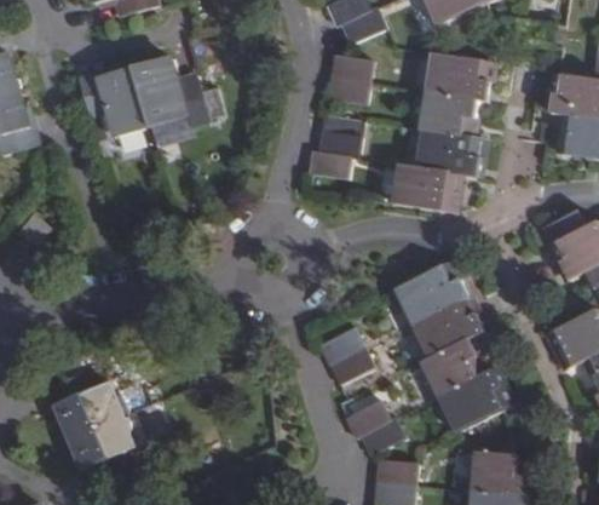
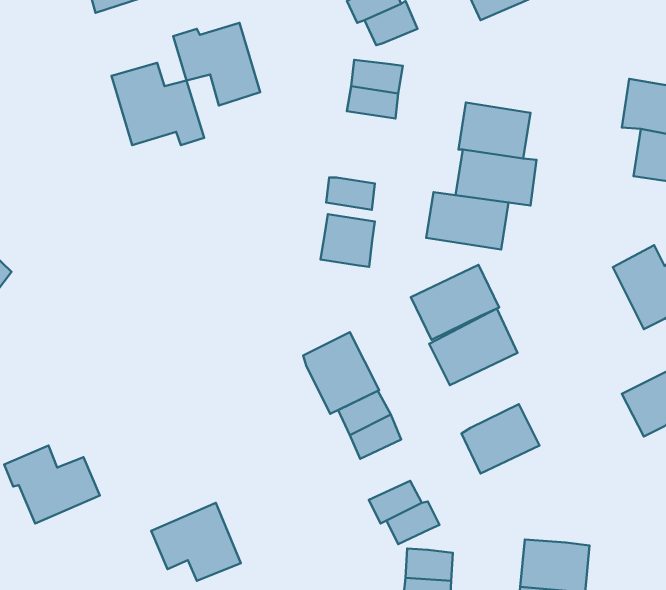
building: [425,52,493,101] -> none
building: [79,69,150,137] -> [173,23,260,105]
building: [318,115,363,159] -> [321,214,375,267]
building: none -> [303,332,379,414]
building: [411,297,484,358] -> [411,265,499,340]
building: [437,369,511,431] -> none
building: [70,414,144,478] -> [151,503,241,581]

